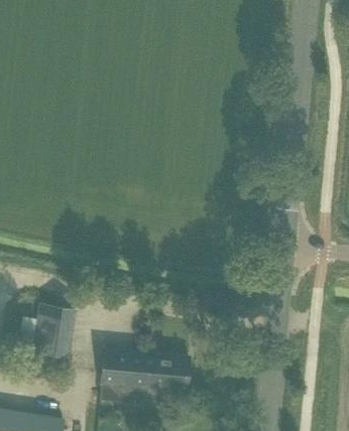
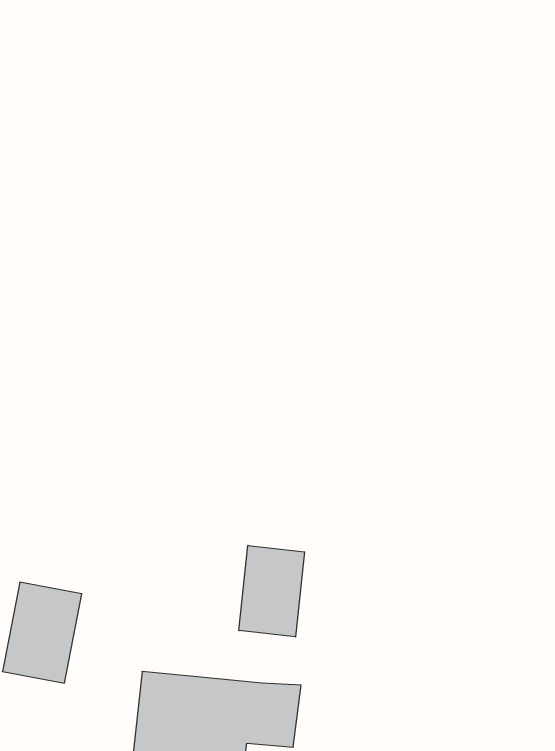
building: none -> [239,545,305,637]

